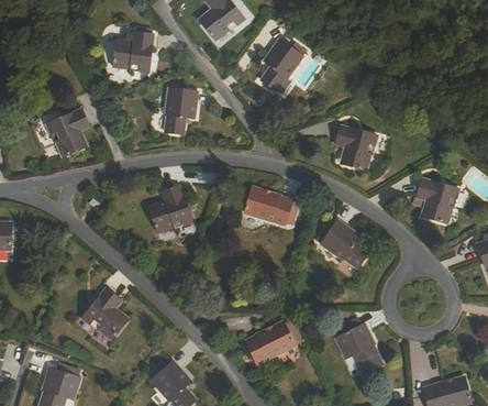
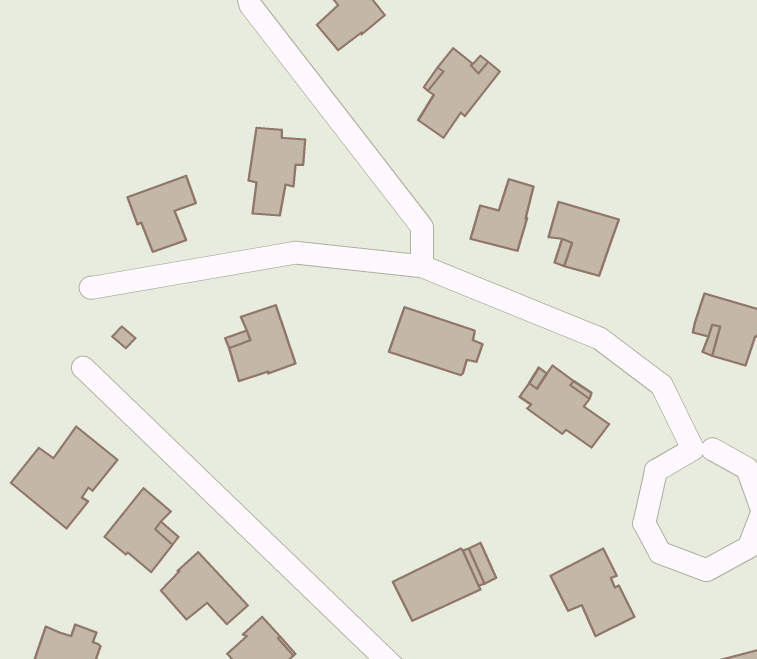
building: [117,28,153,68] -> none
building: [47,109,86,152] -> [128,176,196,252]
building: none -> [470,179,534,251]
building: none -> [11,426,118,529]
building: none -> [161,552,248,624]

